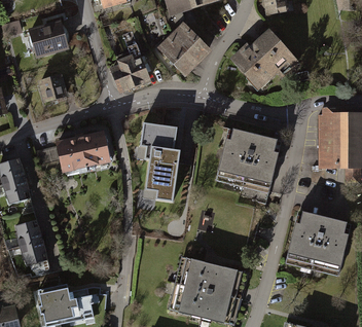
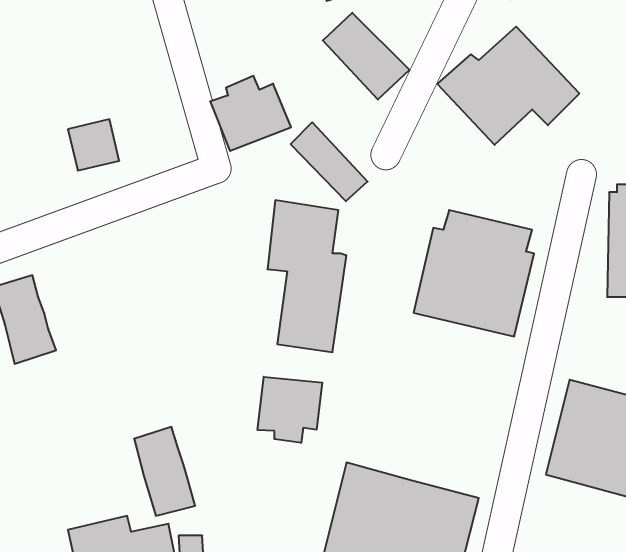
building: [29,25,64,54] -> none
building: [157,35,197,76] -> [291,122,368,201]
building: [53,135,106,176] -> none
building: none -> [258,377,322,443]
building: [13,219,45,265] -> [134,427,195,516]

